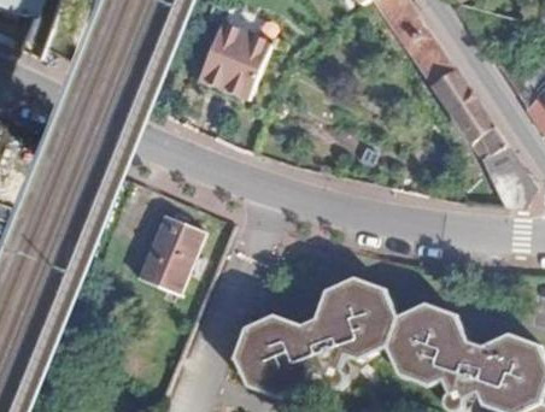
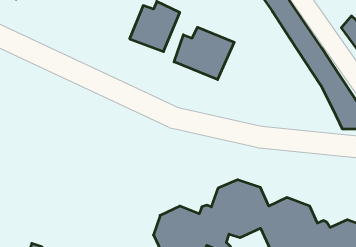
building: none -> [174,27,234,80]
building: [139,214,201,293] -> none

